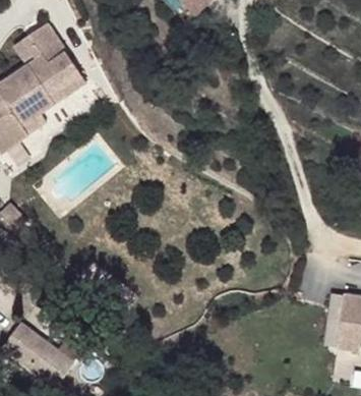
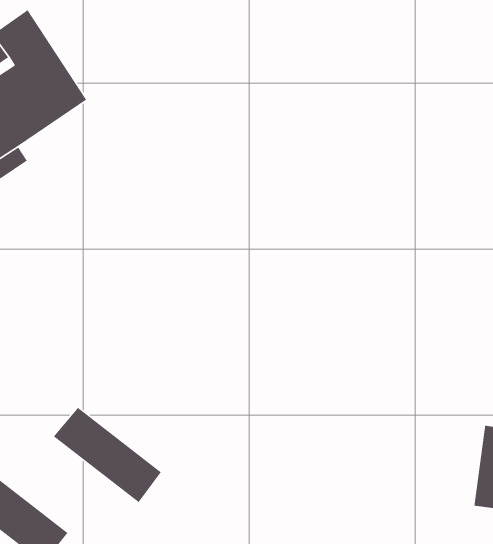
building: none -> [53,407,162,503]

